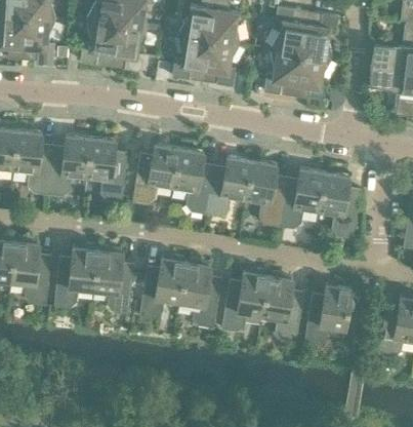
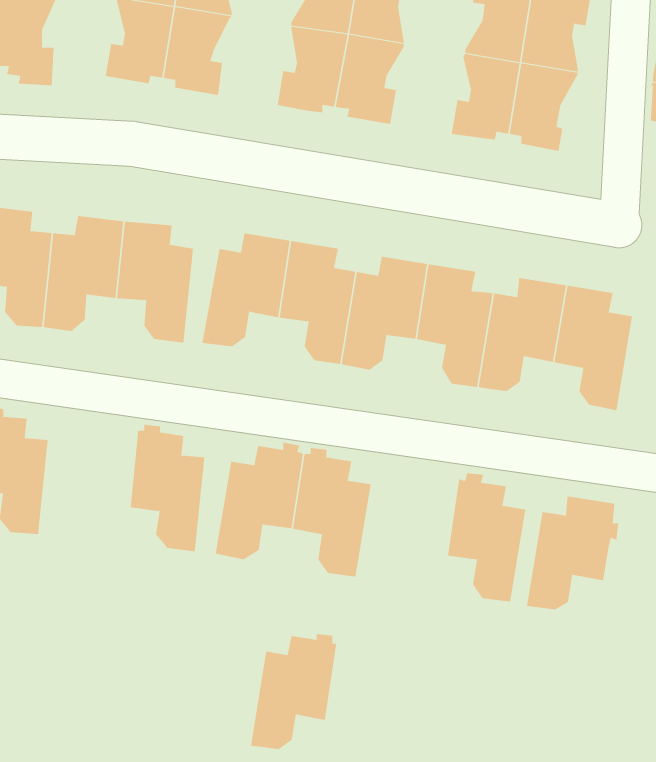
building: [53,244,97,308] -> none
building: [221,270,267,332] -> [250,634,337,750]

